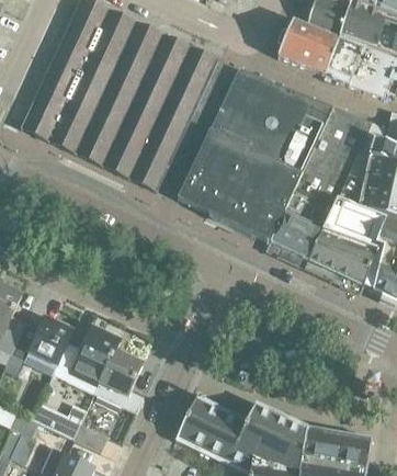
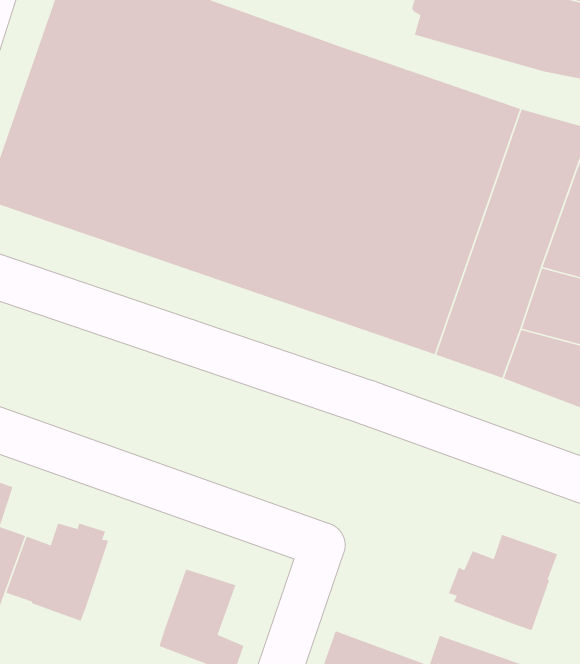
building: [53,327,121,395] -> none
building: none -> [448,534,558,631]

